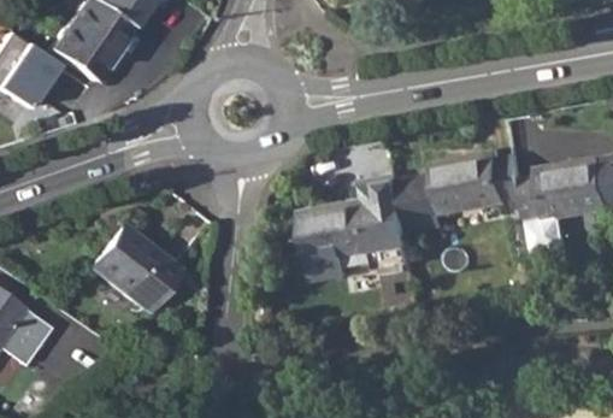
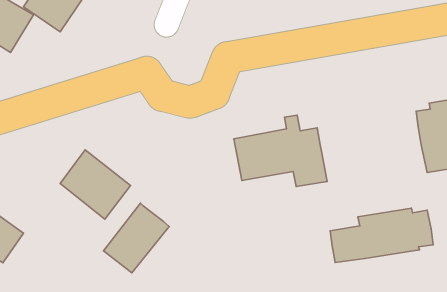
building: [402,153,527,219] -> [330,208,433,263]
building: none -> [103,203,169,273]

